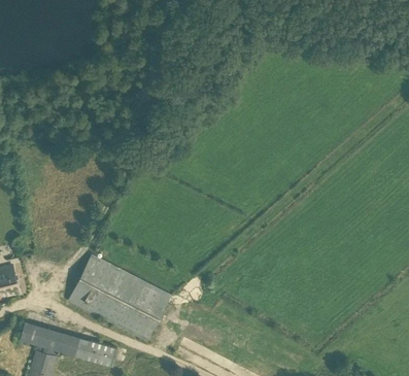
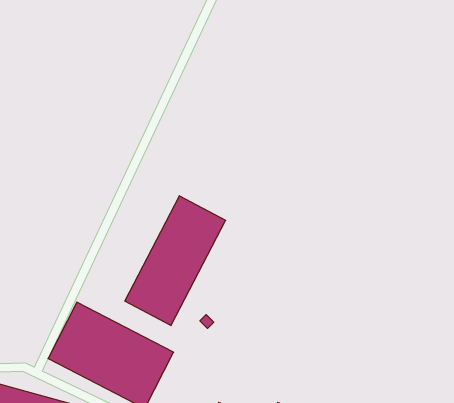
building: none -> [125,196,226,326]

